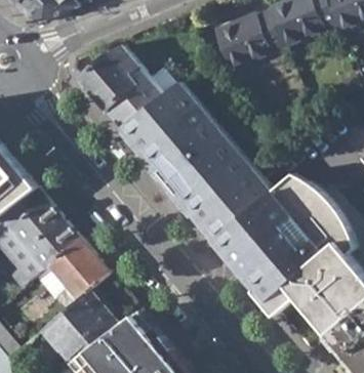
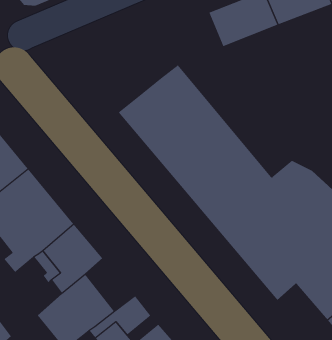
building: [78,46,163,130] -> none

